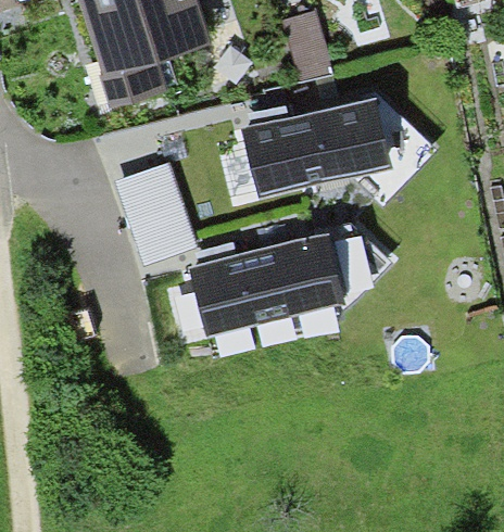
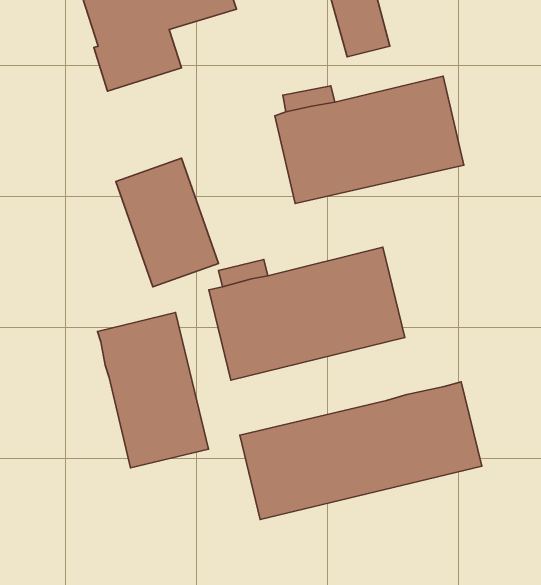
building: none -> [98,313,208,468]
building: none -> [240,382,482,520]

